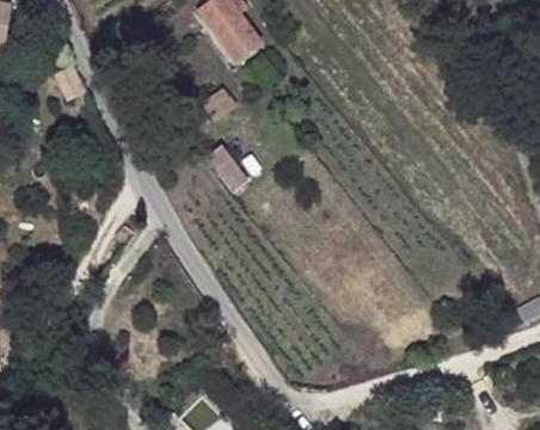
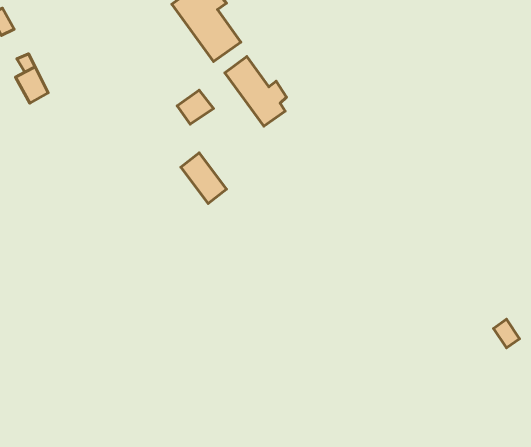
building: none -> [225,57,286,126]

